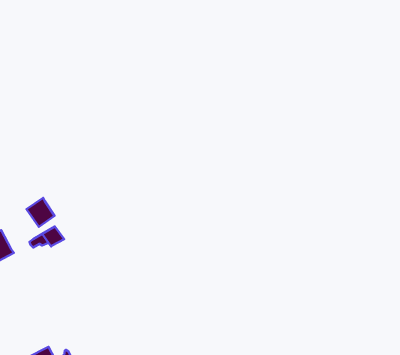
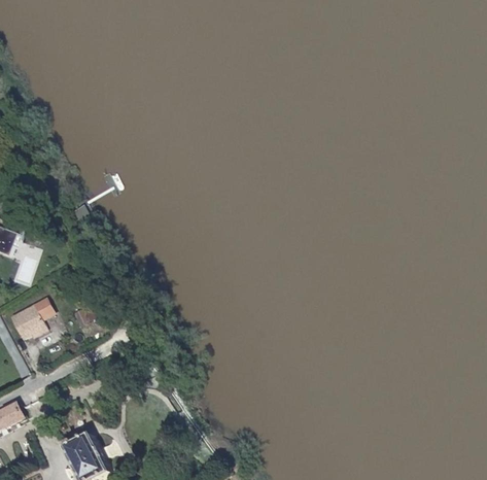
building: [27,198,55,227] -> none

